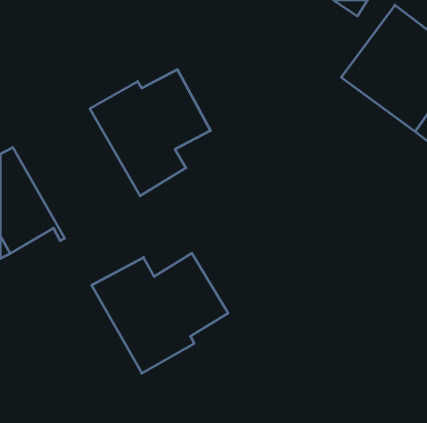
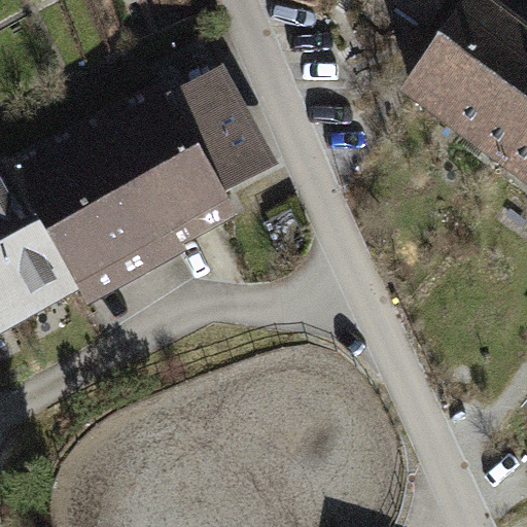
building: none -> [24,144,178,302]
building: [92,253,228,373] -> none

